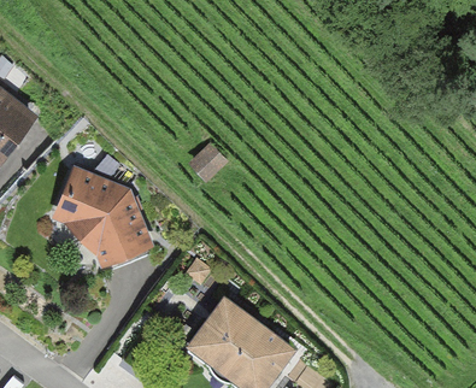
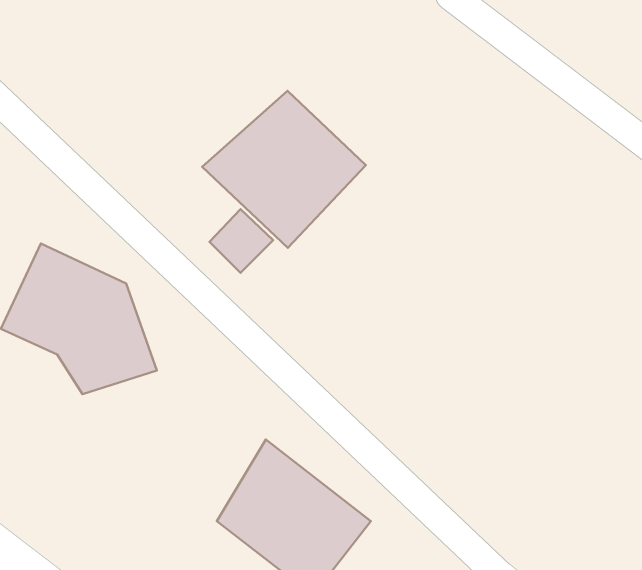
building: none -> [202,91,366,248]

